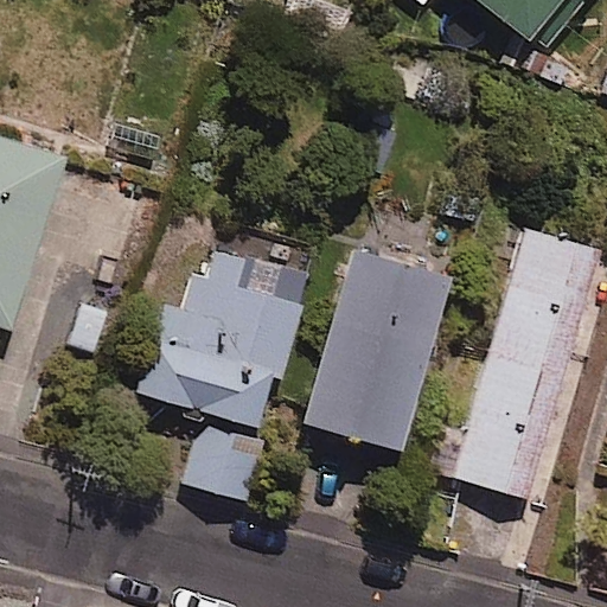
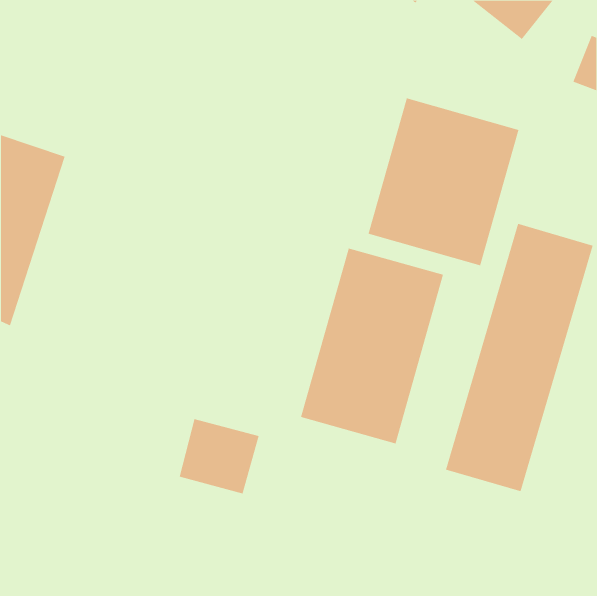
building: none -> [368,98,519,266]
building: [143,226,314,428] -> none

